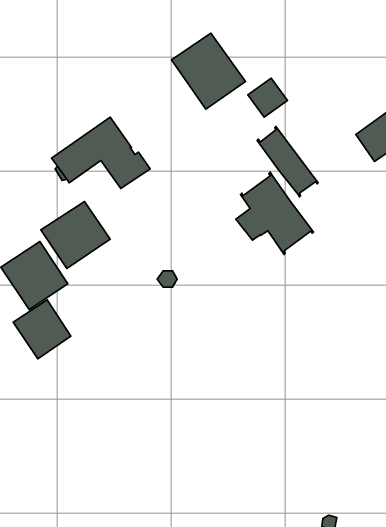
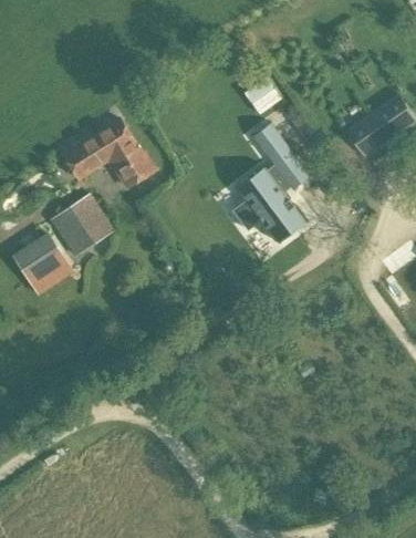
building: [171,33,245,109] -> none
building: [13,300,71,359] -> none

